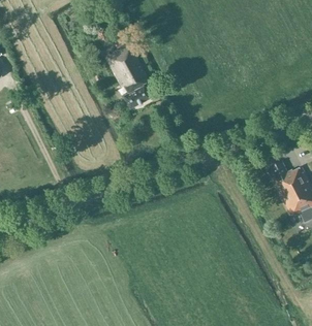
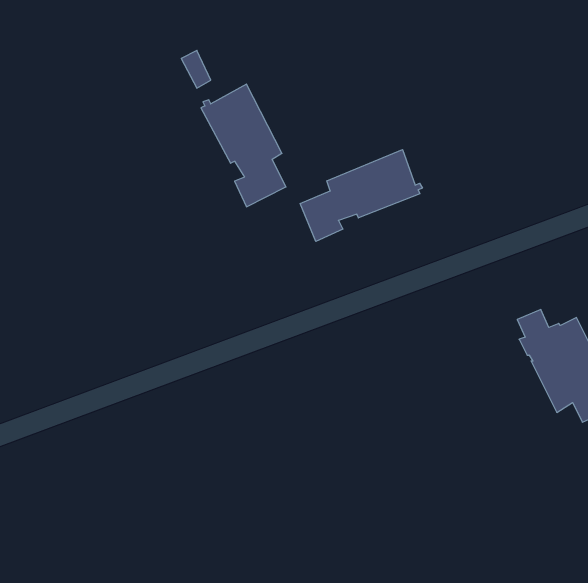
building: none -> [300,150,422,241]

